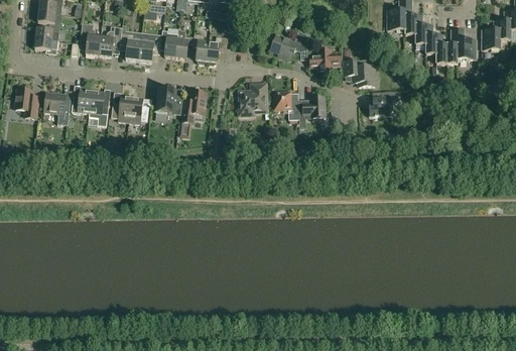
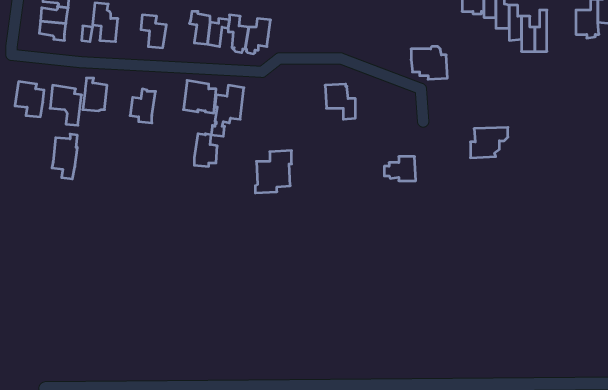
building: [99,26,122,56] -> none
building: [458,28,476,61] -> none
building: [270,30,306,60] -> none
building: [138,35,161,62] -> none
building: [310,48,341,70] -> none
building: [237,81,267,116] -> [255,151,292,193]
building: [89,88,110,125] -> [52,134,77,179]
building: [369,90,400,115] -> [470,127,508,158]
building: [129,96,148,123] -> [194,134,217,166]
building: [298,97,325,117] -> [384,157,416,181]

